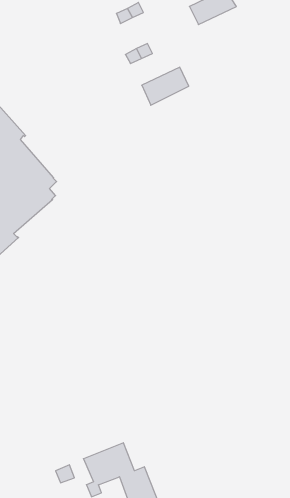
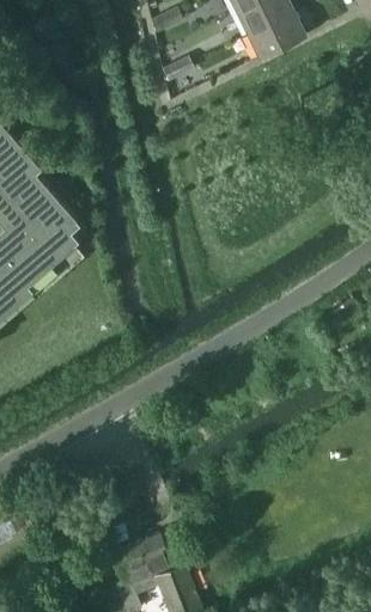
building: [142,67,189,105] -> [249,17,305,62]

